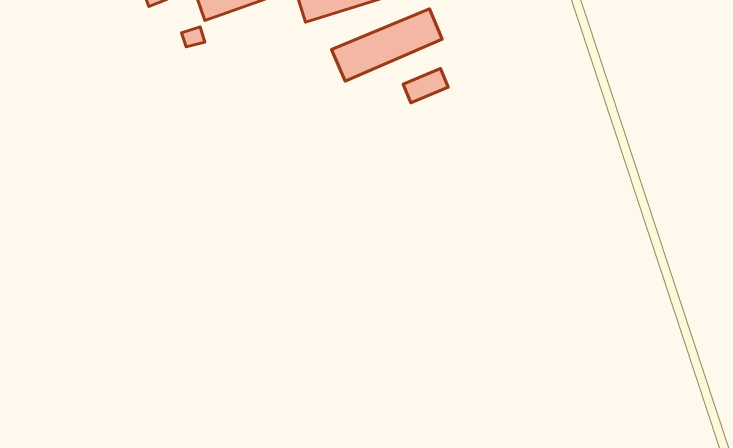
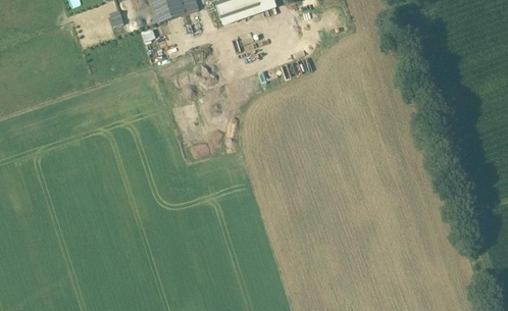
building: [332,9,442,81] -> none

